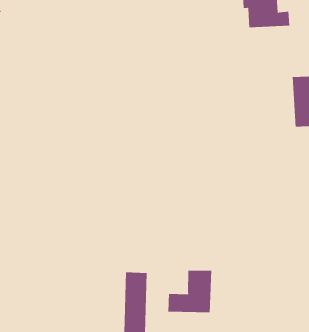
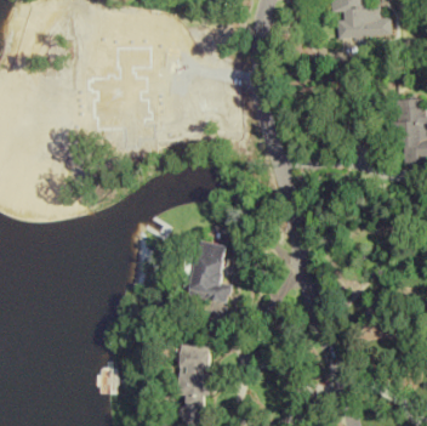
building: none -> [188,239,229,300]
building: [168,270,212,313] -> none

